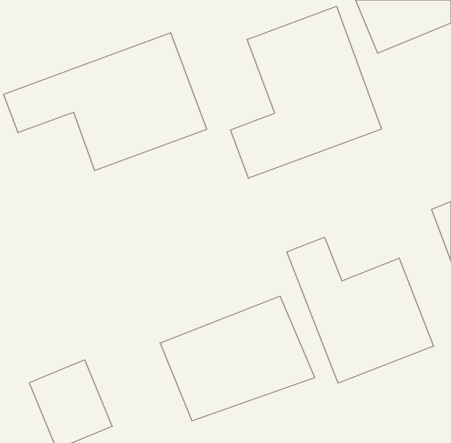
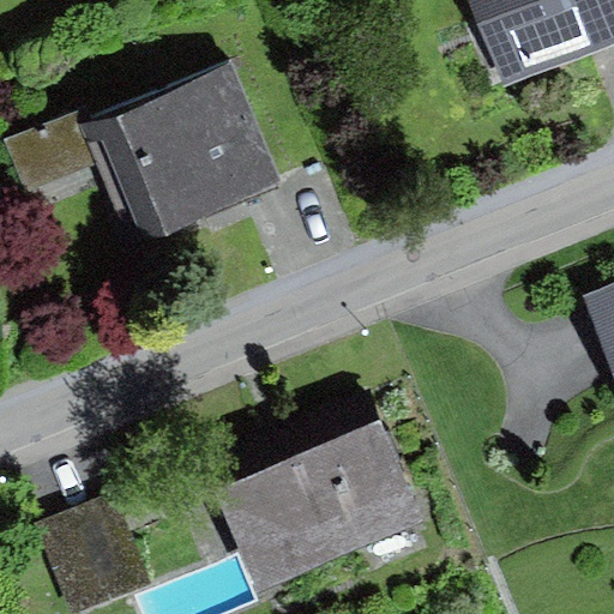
building: [231,6,381,178] -> none
building: [287,237,434,383] -> none

